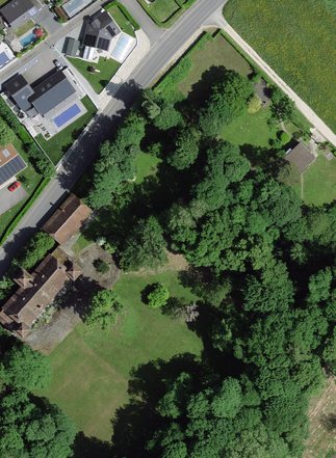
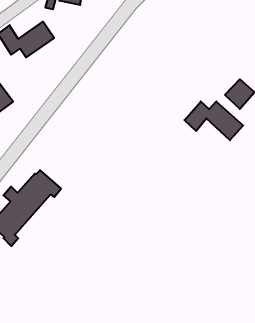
building: none -> [184,101,243,140]
building: [43,192,94,244] -> none

